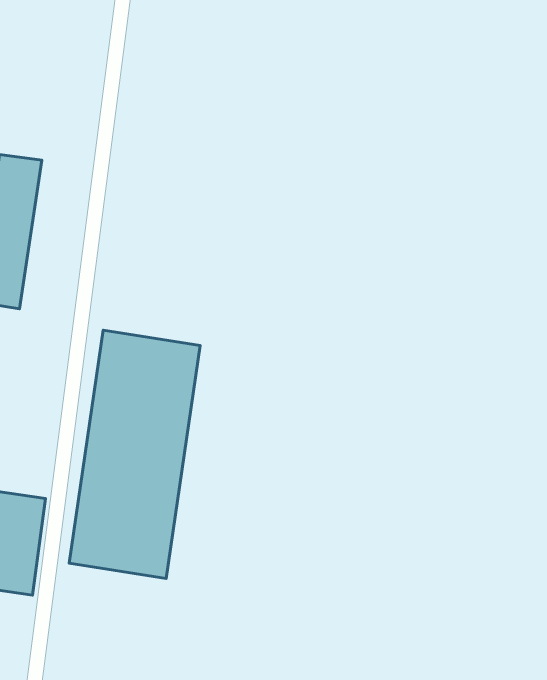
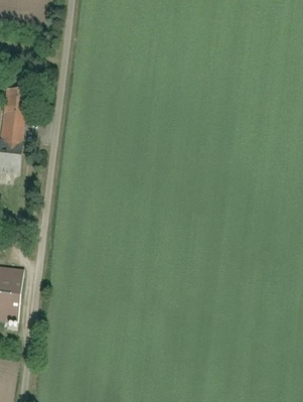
building: [69,330,200,578] -> none

